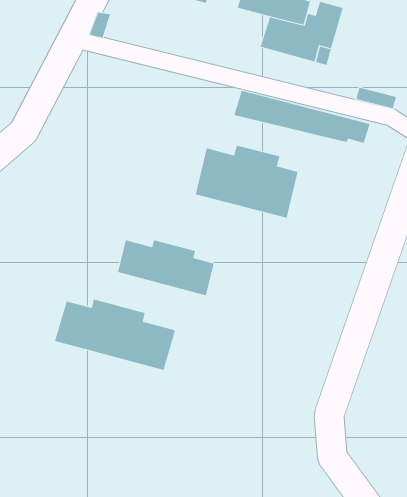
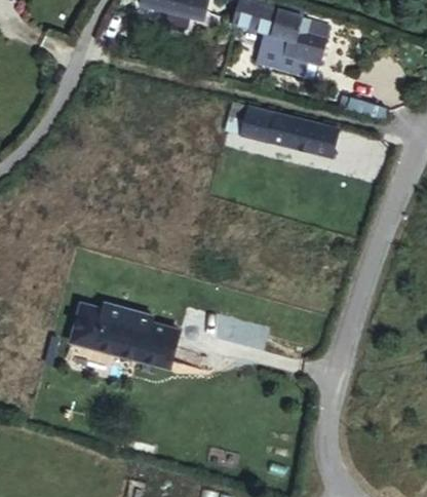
building: [195,145,298,219] -> none
building: [118,239,214,296] -> none

